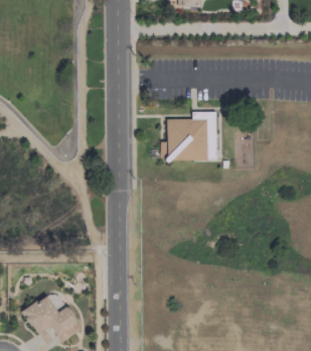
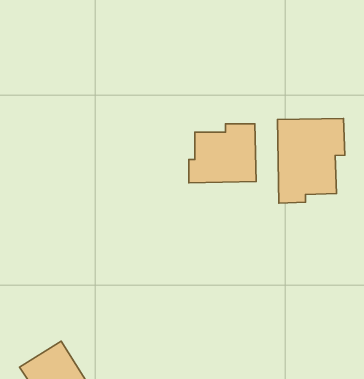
building: none -> [277,119,345,203]

